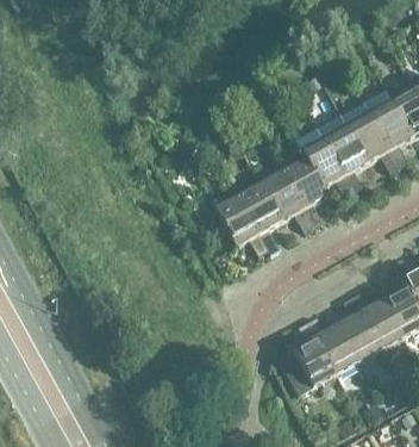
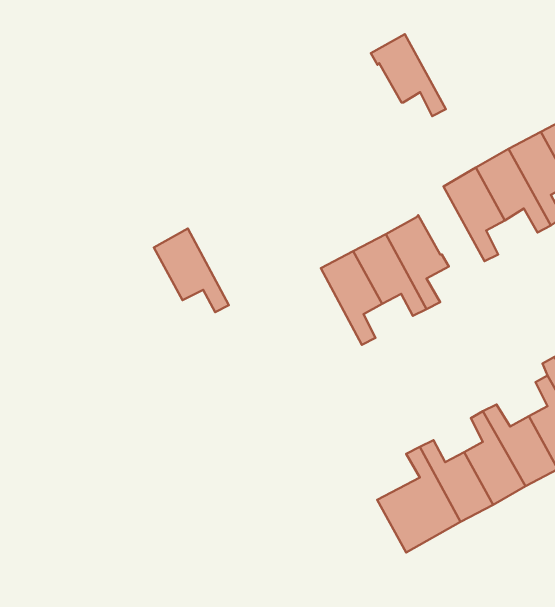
building: [301,137,354,194] -> [371,34,446,116]
building: [215,194,268,253] -> [154,229,229,312]

